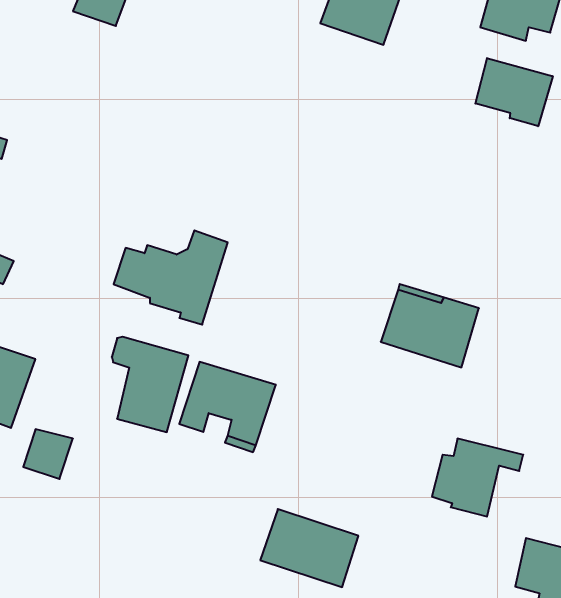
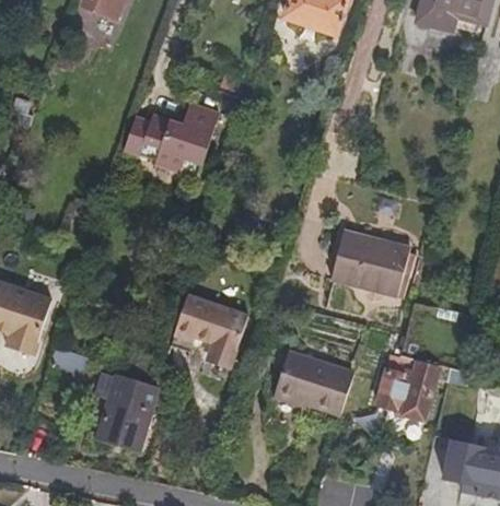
building: [475,58,553,126] -> none
building: [114,230,228,325] -> [125,104,218,180]
building: [112,337,188,432] -> [90,370,152,448]
building: [260,509,358,587] -> [276,342,356,405]

